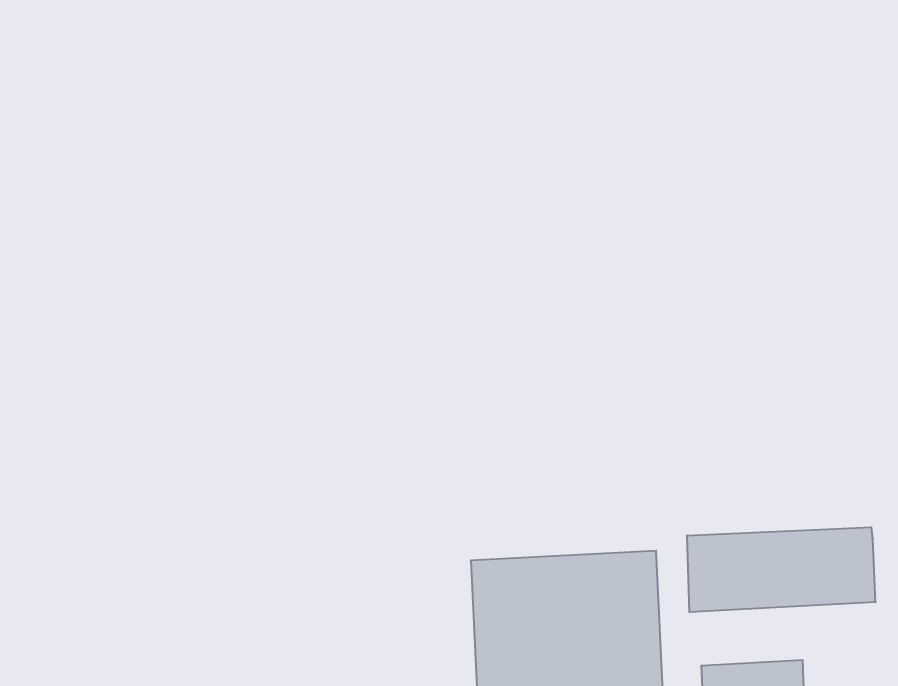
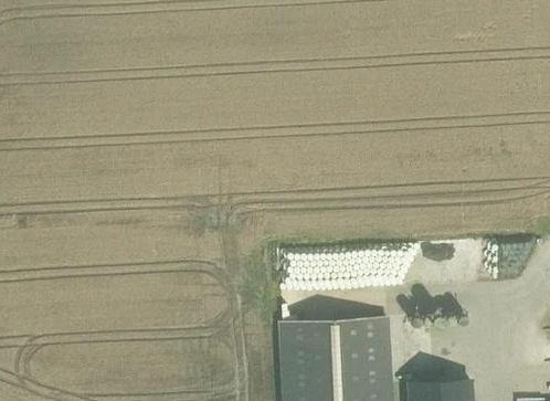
building: [687,527,875,612] -> none

